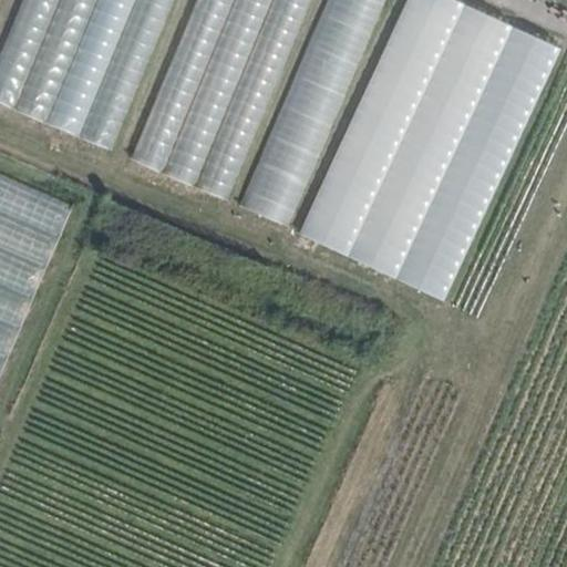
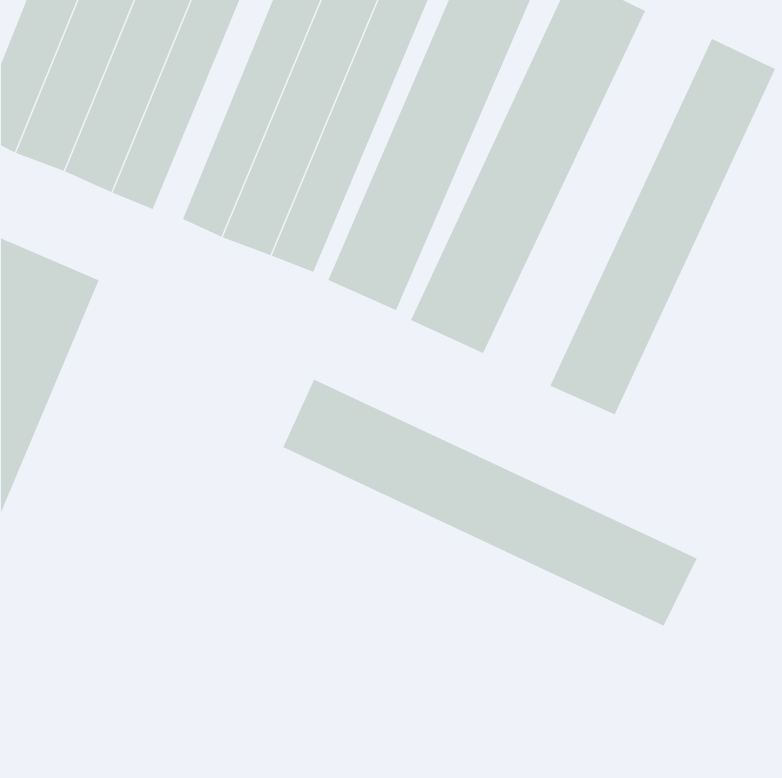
building: [350,8,515,279] -> none
building: none -> [283,379,698,626]

